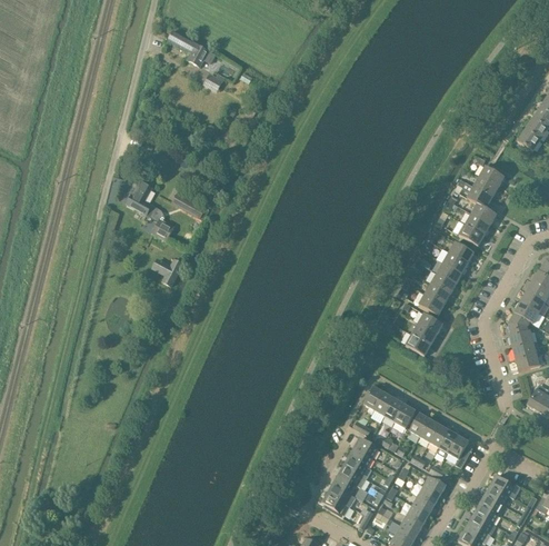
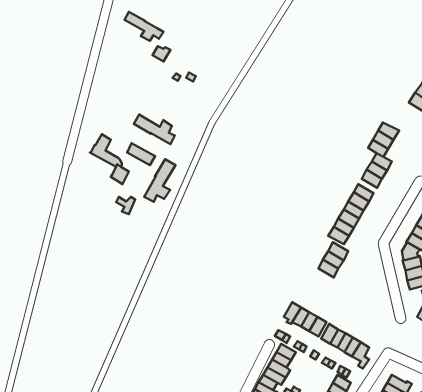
building: none -> [134,115,175,144]
building: none -> [144,159,175,202]

